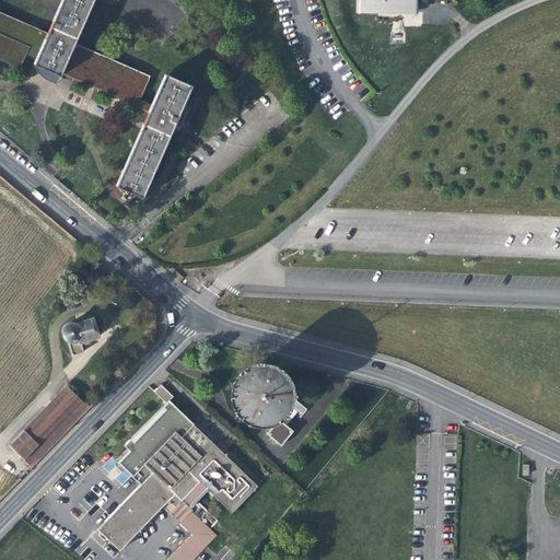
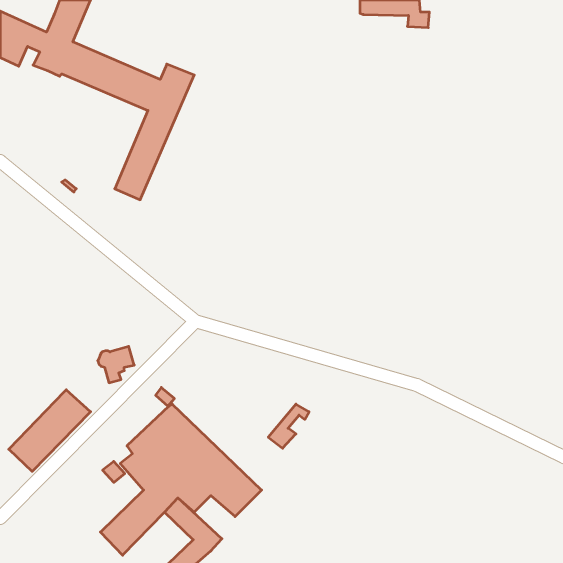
building: [62,319,98,355] -> [98,346,134,383]
building: [219,355,283,420] -> none

